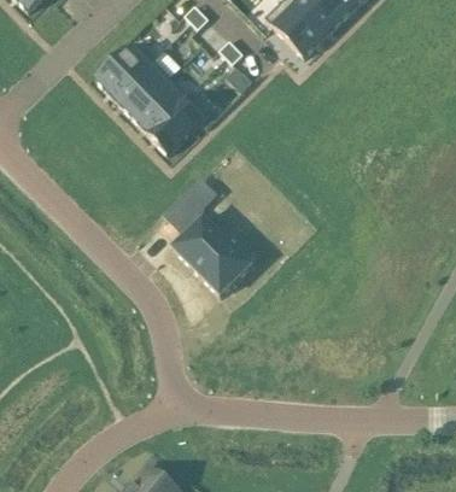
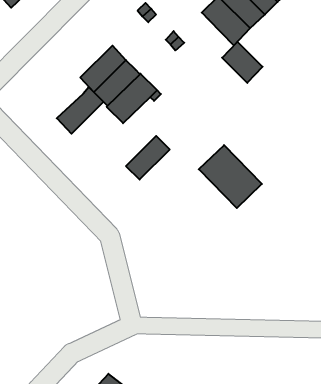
building: [93,42,151,100] -> [57,87,103,134]
building: none -> [222,42,263,83]
building: [177,210,256,288] -> [199,145,262,208]

